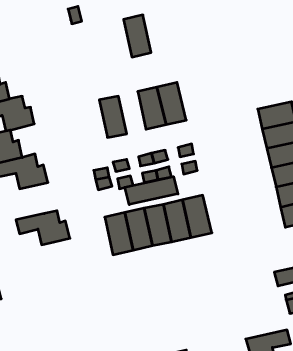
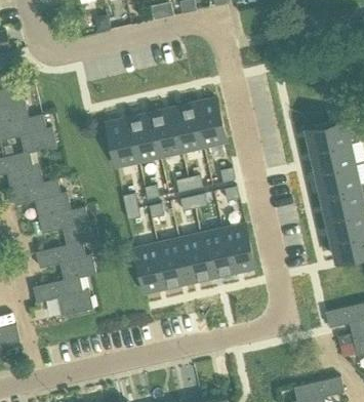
building: [124,15,151,57] -> [151,110,181,157]
building: none -> [107,119,138,167]
building: [125,177,178,205] -> none
building: none -> [40,207,99,246]
building: none -> [33,278,93,316]

